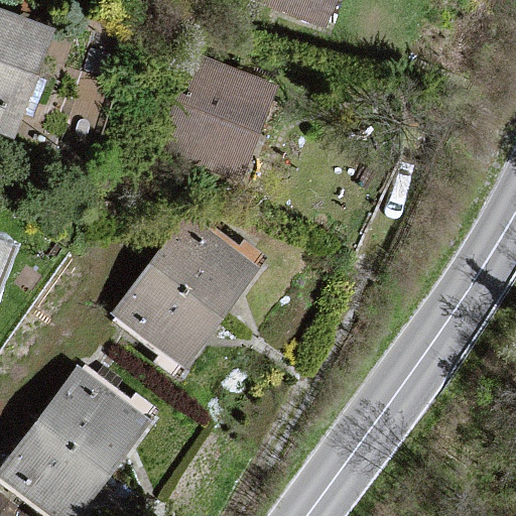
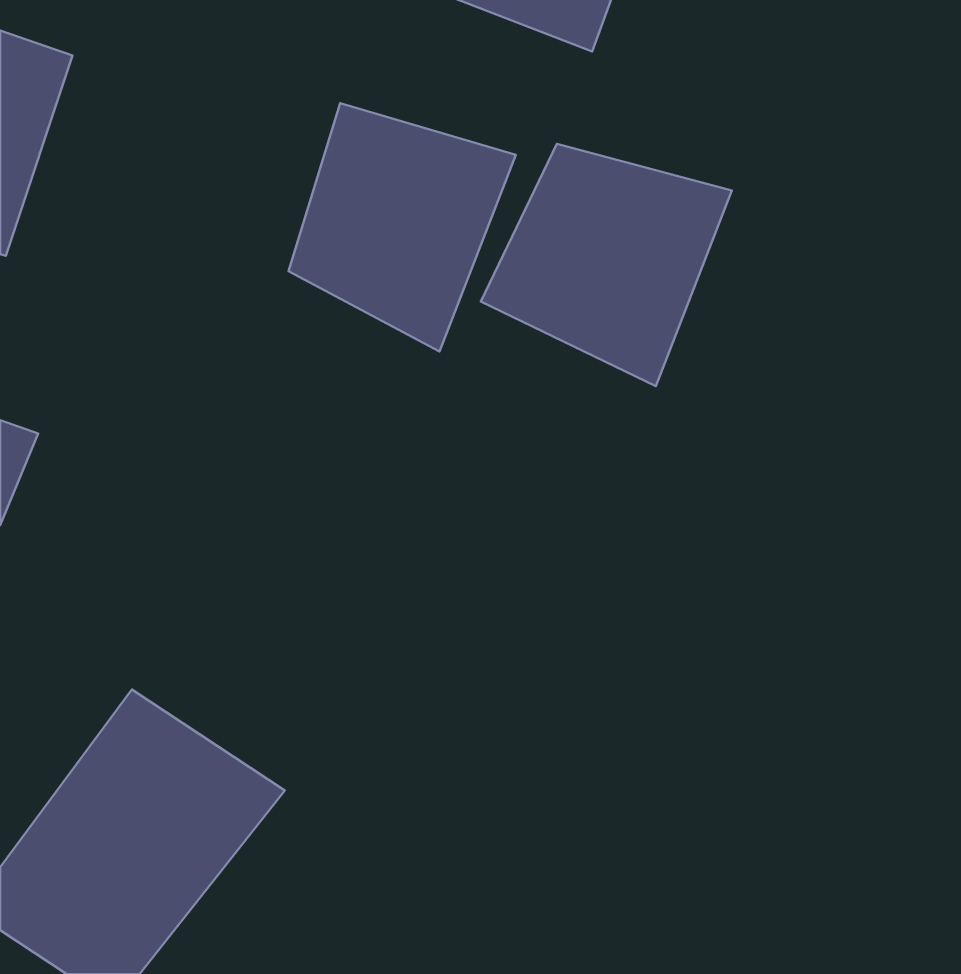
building: none -> [481,144,732,386]
building: [105,202,268,379] -> none

